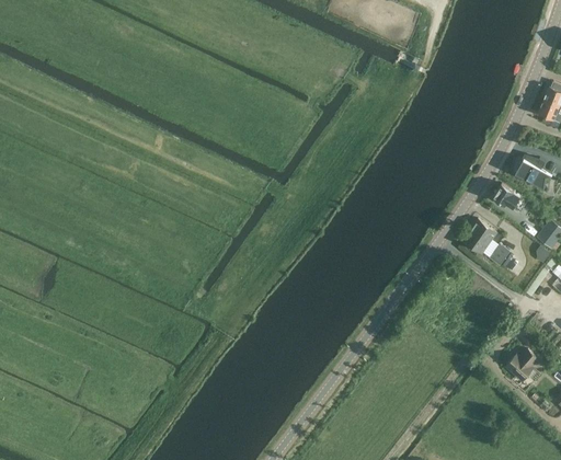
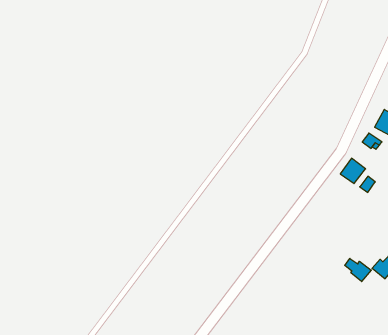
building: none -> [345,258,371,282]

